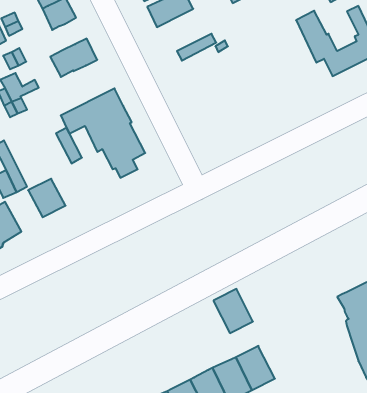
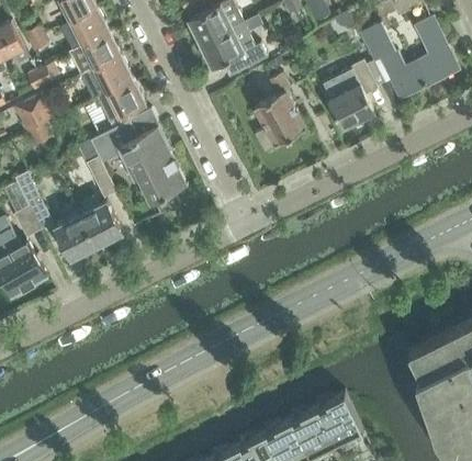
building: none -> [200,21,254,67]
building: none -> [80,31,120,68]
building: none -> [321,61,382,127]
building: none -> [254,72,305,151]
building: none -> [104,79,144,117]
building: none -> [79,202,121,246]
building: [214,289,253,333] -> [316,393,361,443]

